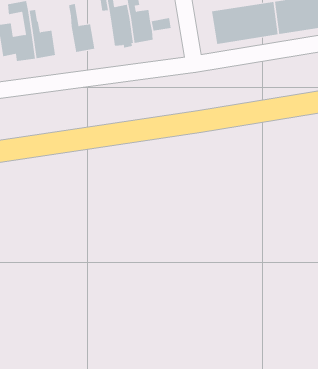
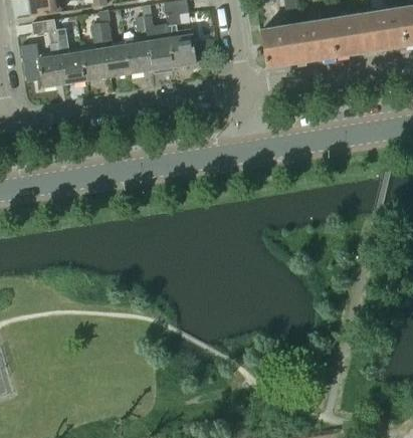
building: none -> [82,23,109,79]
building: none -> [126,35,152,72]

